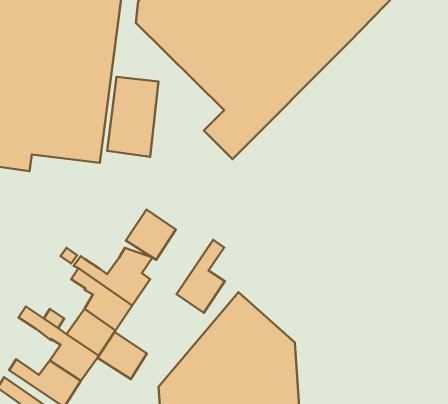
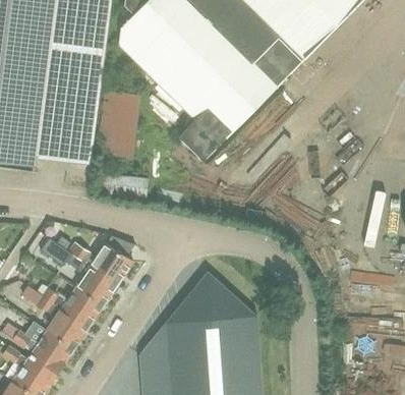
building: [126,210,176,260] -> none
building: [177,240,225,313] -> none
building: [97,332,147,379] -> none

